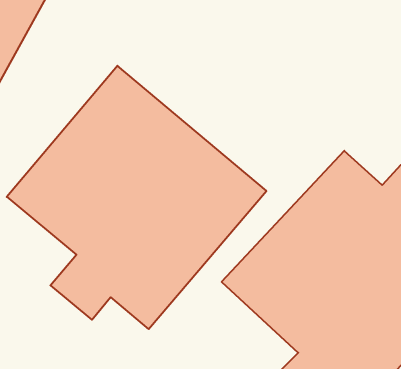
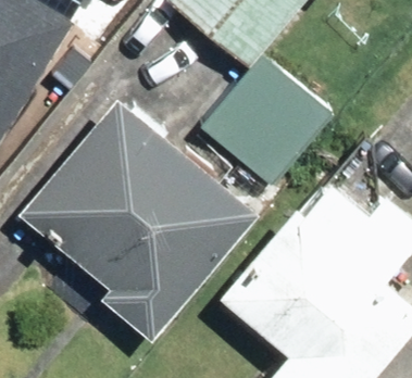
building: none -> [199,50,332,181]

